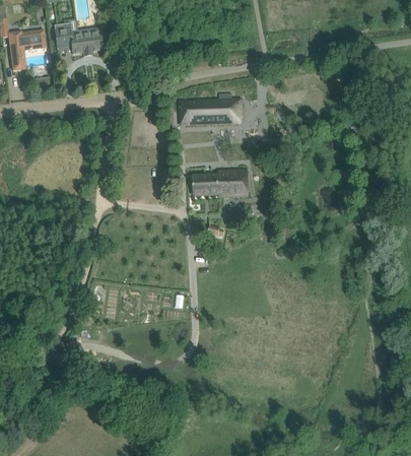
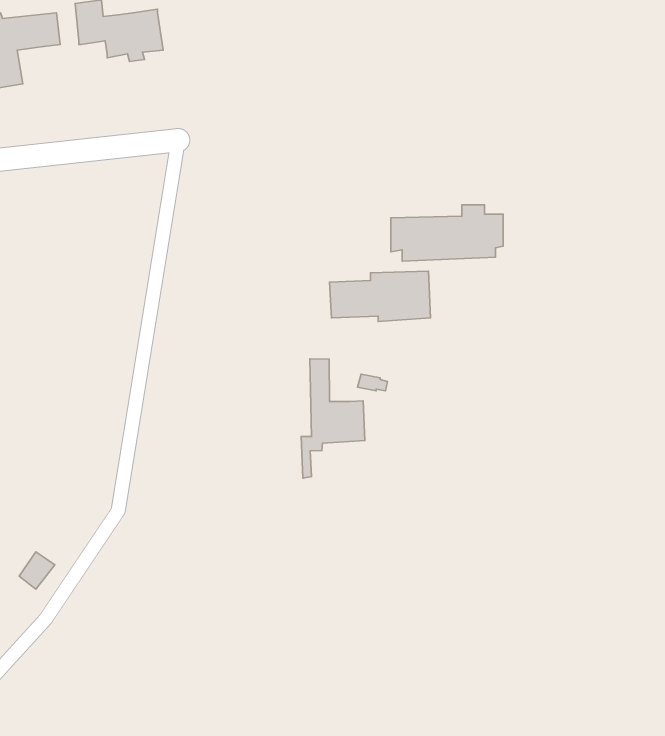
building: [181,93,242,124] -> [391,205,503,261]
building: none -> [301,359,365,478]

